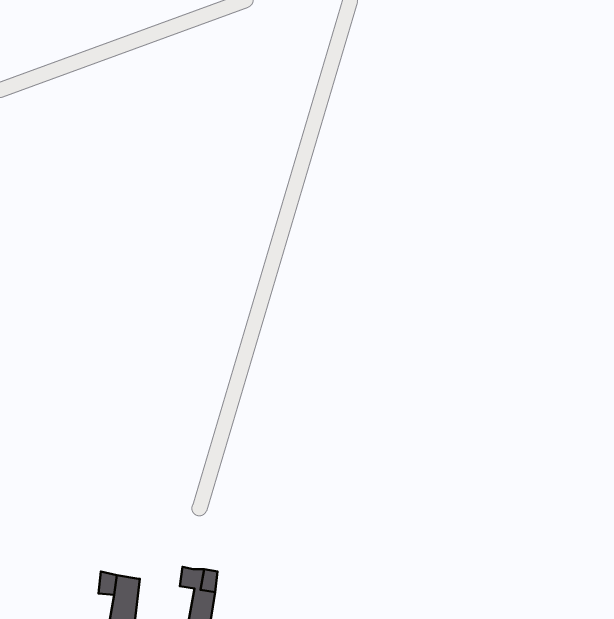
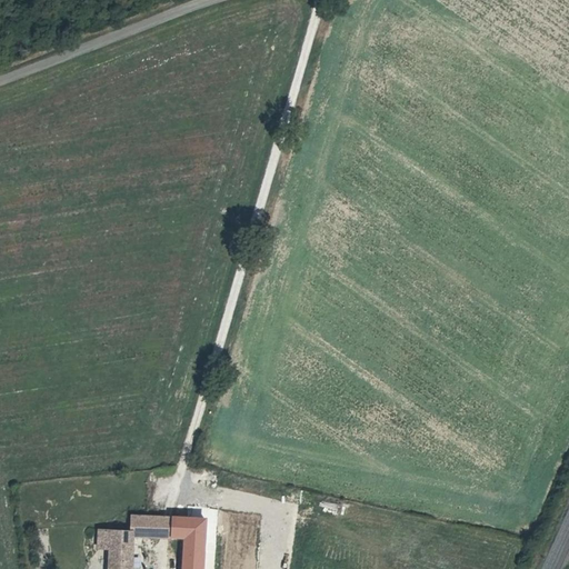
building: none -> [133,513,173,538]

